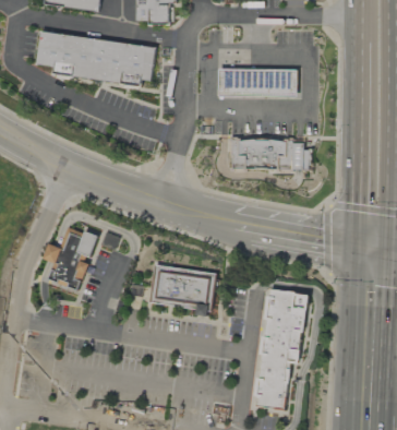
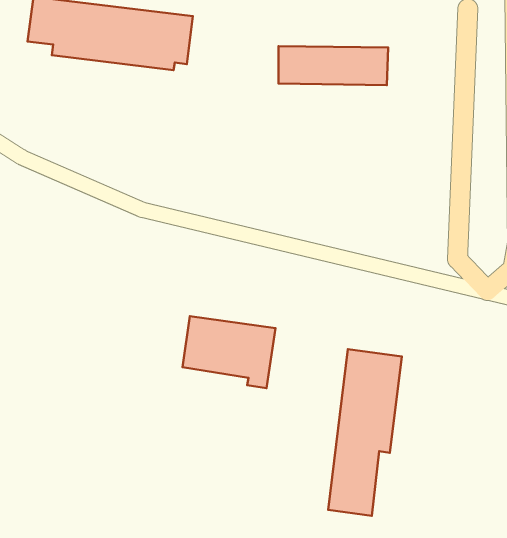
building: [232,138,310,171] -> none
building: [44,225,97,290] -> none

